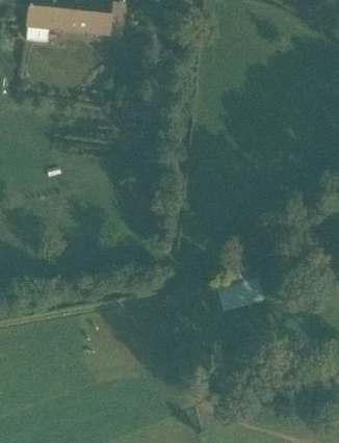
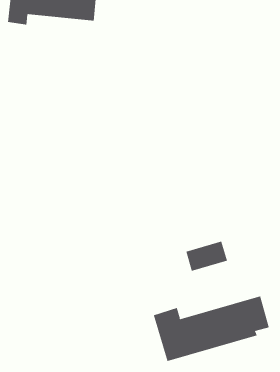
building: none -> [153,295,270,362]

